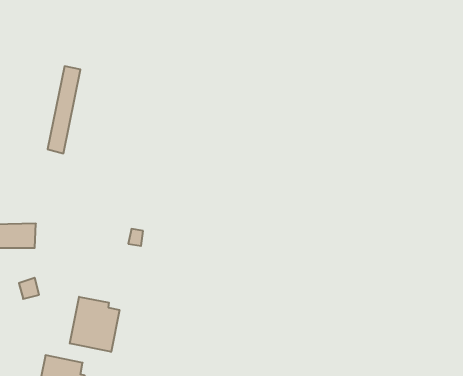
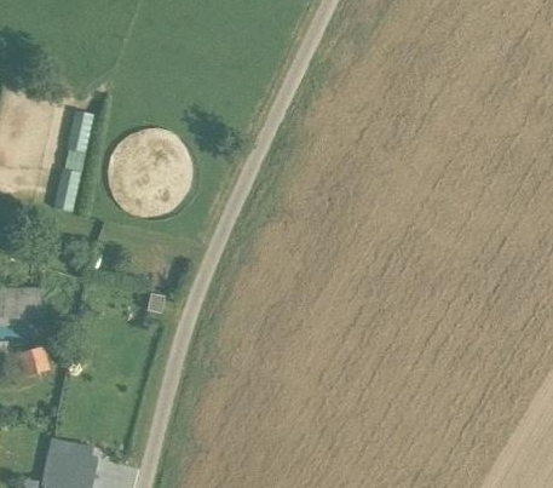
building: [70,297,119,352] -> none

